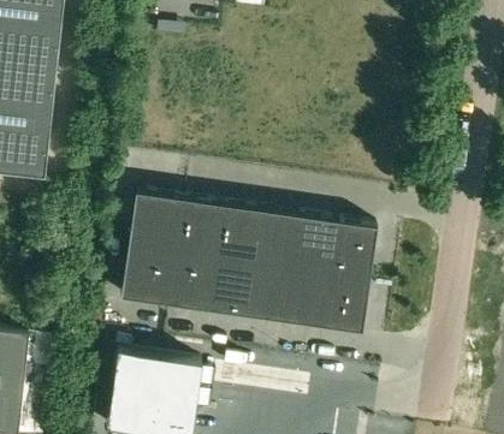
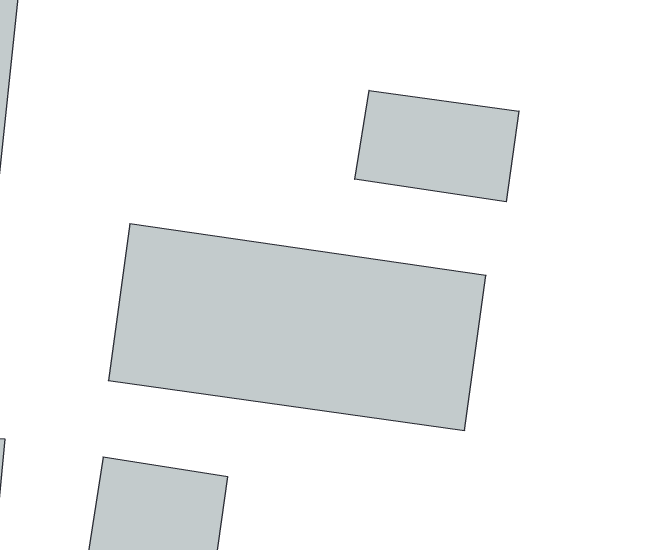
building: none -> [355,90,519,202]

